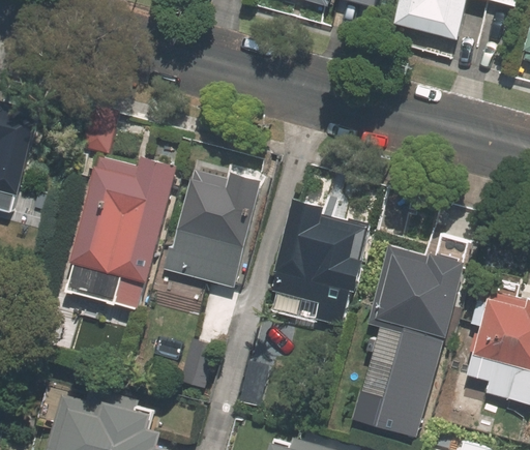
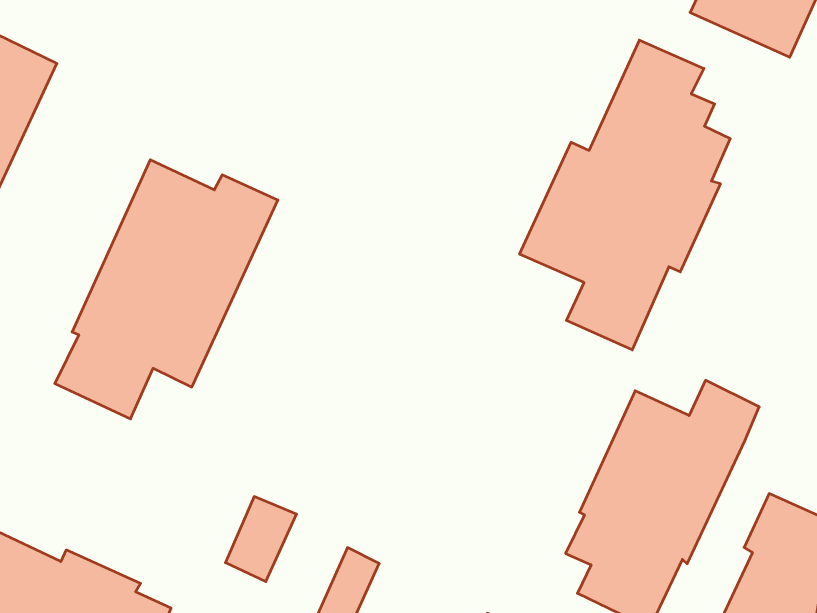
building: none -> [520,40,730,350]
building: [161,164,261,288] -> none
building: [273,200,367,325] -> none

